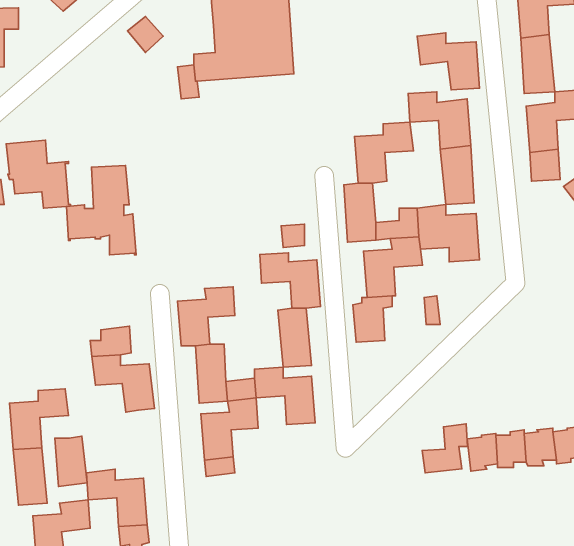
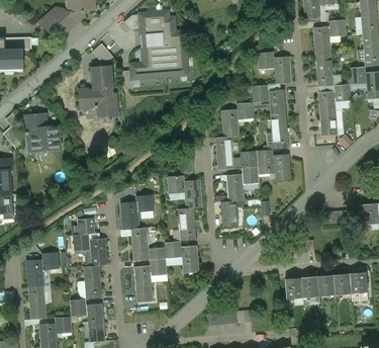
building: [67,166,136,255] -> [77,66,116,116]
building: [422,424,468,473] -> none
building: [55,436,87,486] -> [83,265,101,293]

